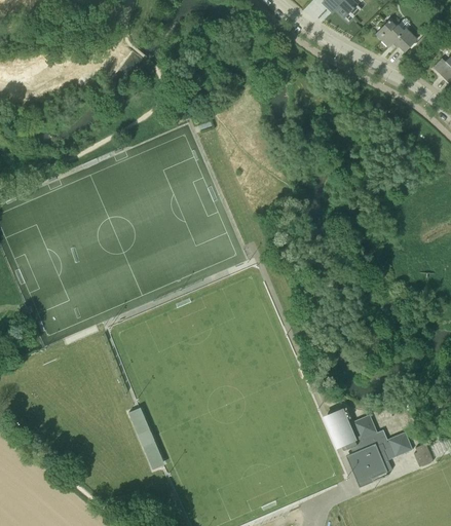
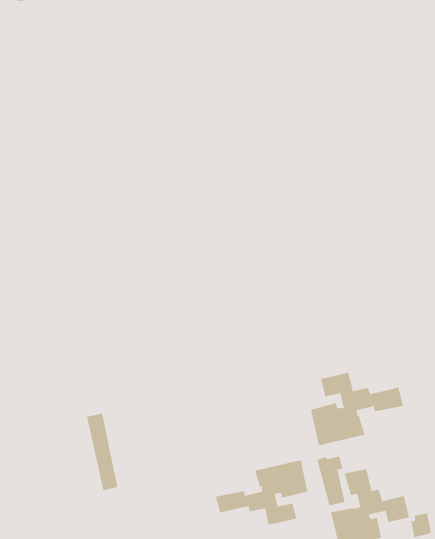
building: none -> [310,372,404,447]
building: none -> [215,459,308,525]

